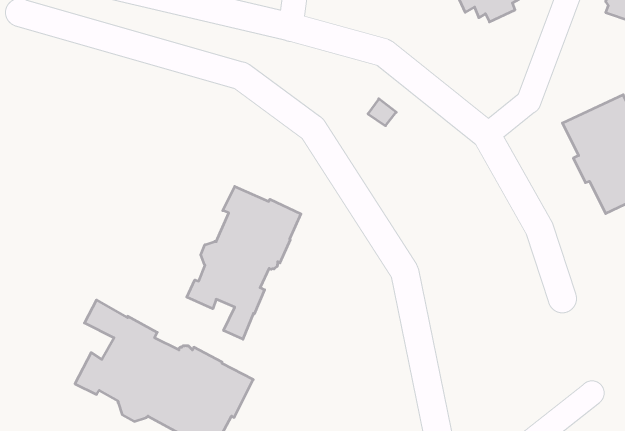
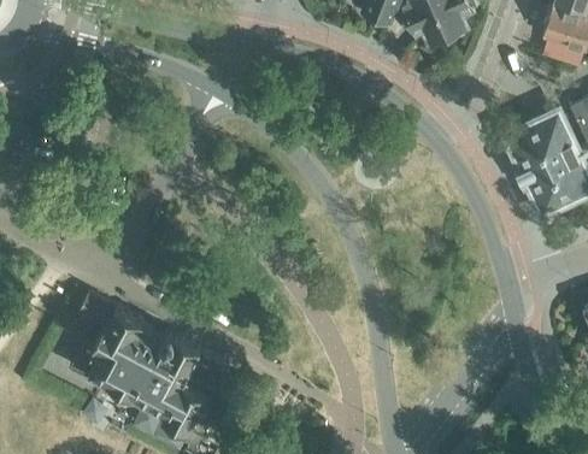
building: [187,186,301,339] -> none

